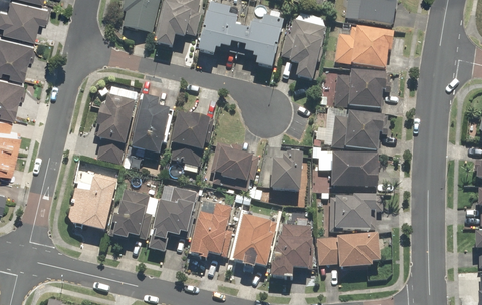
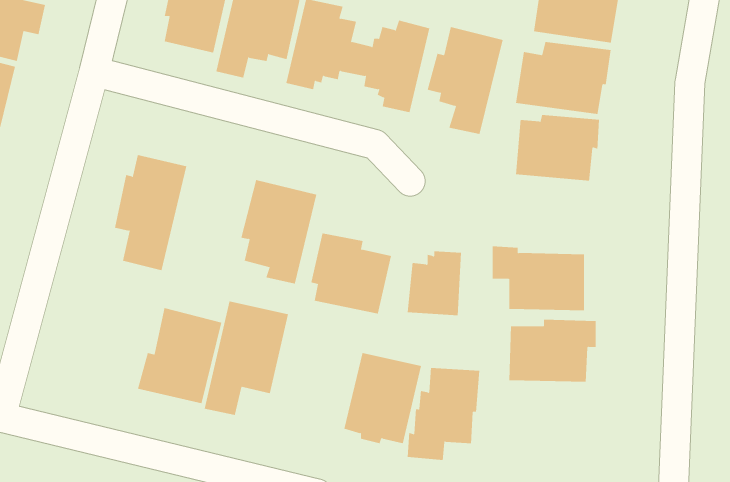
building: [123,95,175,168] -> none
building: [316,107,389,153] -> none
building: [67,172,118,232] -> none
building: [188,200,234,260] -> none
building: [316,233,379,270] -> none

